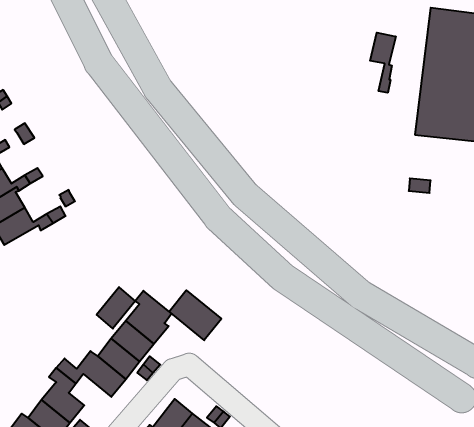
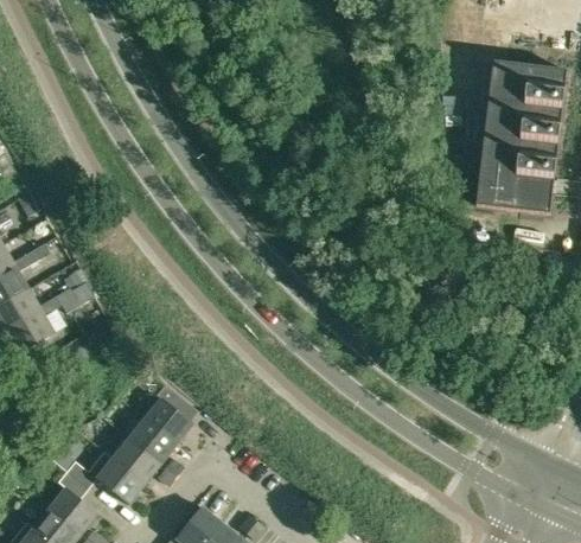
building: [370,33,396,93] -> none
building: none -> [6,308,56,354]
building: [97,287,135,329] -> none
building: [169,290,221,340] -> none

